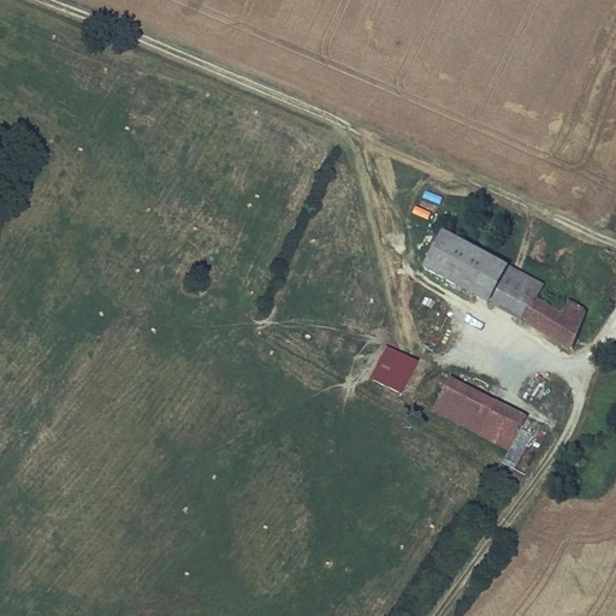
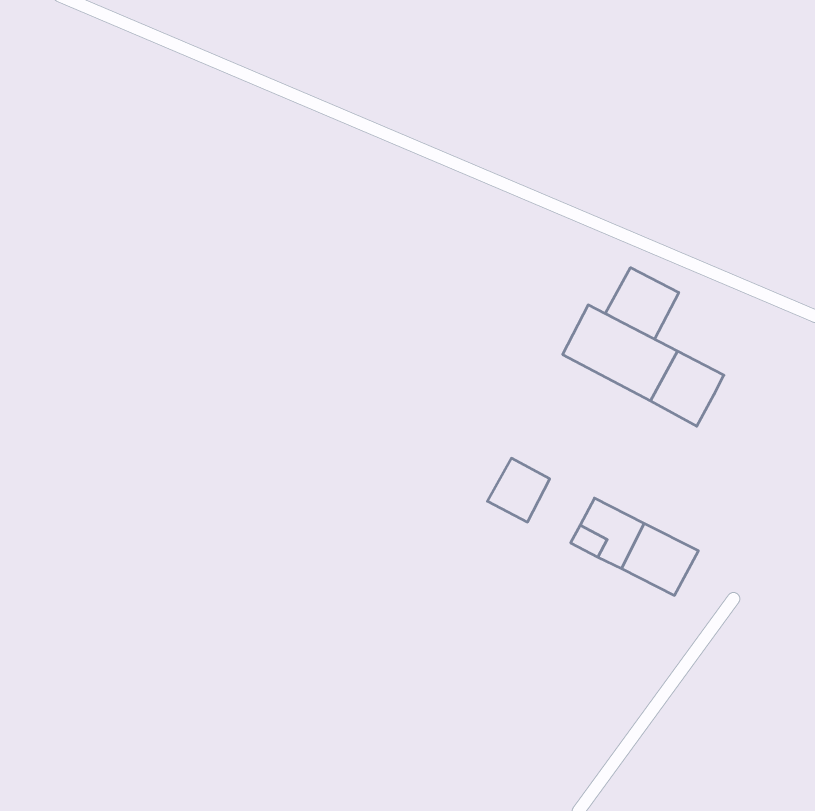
building: none -> [606,268,679,339]
building: [525,297,588,349] -> none

